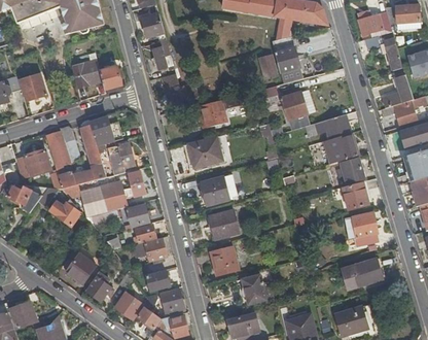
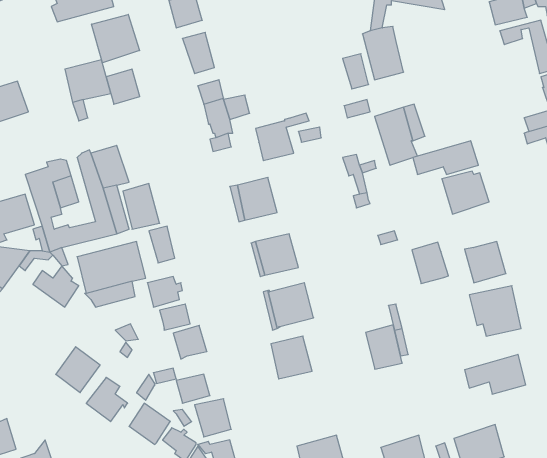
building: none -> [92,14,140,63]
building: [341,158,365,185] -> [412,242,448,284]
building: [241,273,265,303] -> [366,325,402,369]

